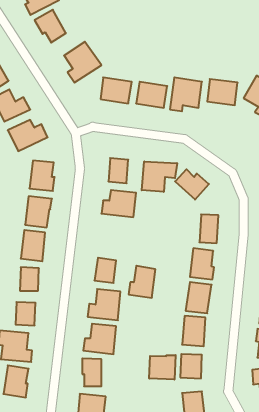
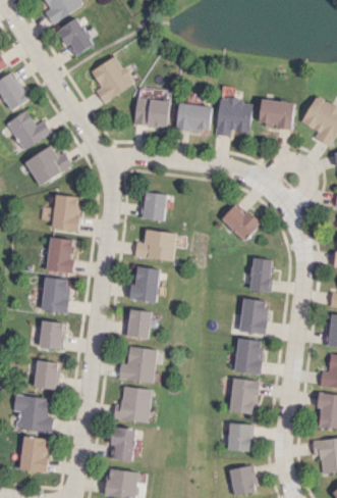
building: [142,161,177,192] -> none
building: [129,266,155,298] -> [128,265,160,303]
building: [149,355,176,380] -> none

